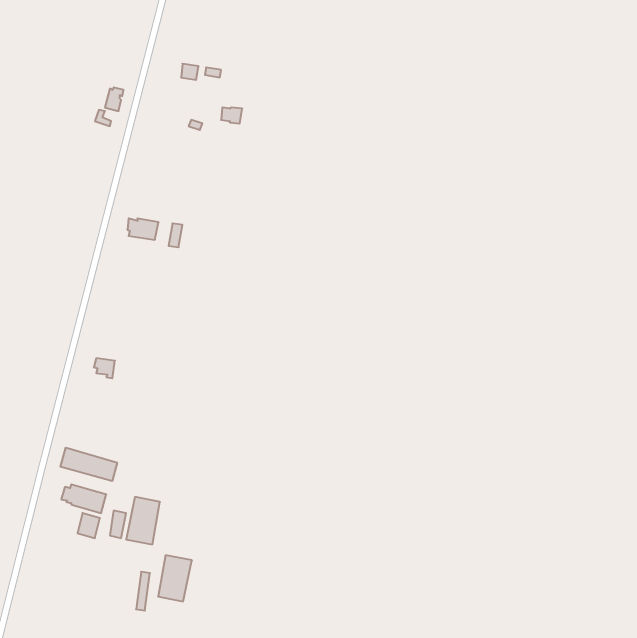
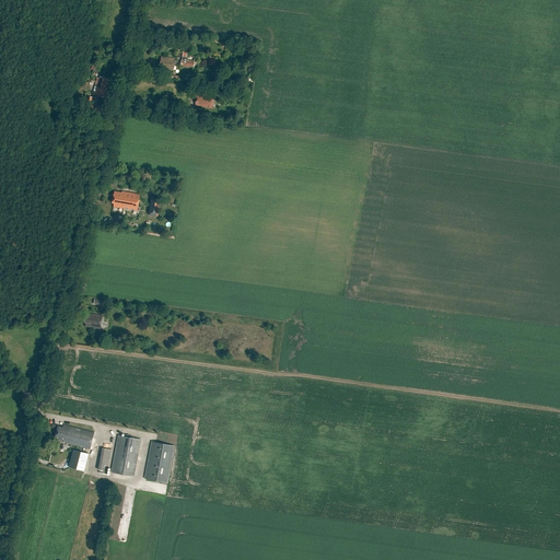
building: [60,448,117,481] -> none
building: [158,555,192,601] -> [144,442,174,482]

